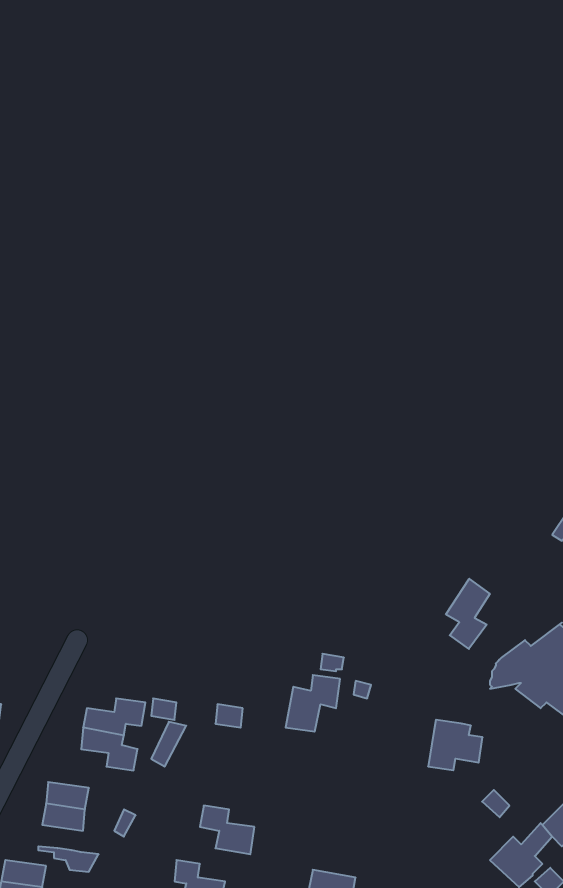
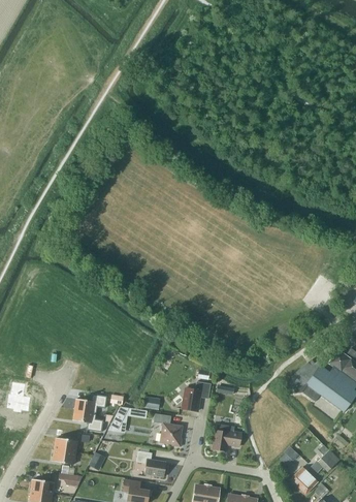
building: [446,579,490,649] -> none
building: [428,720,483,770] -> [213,423,241,450]
building: none -> [154,413,183,447]

